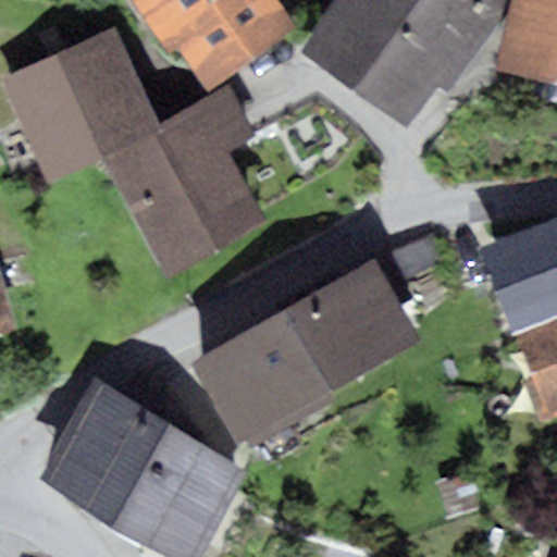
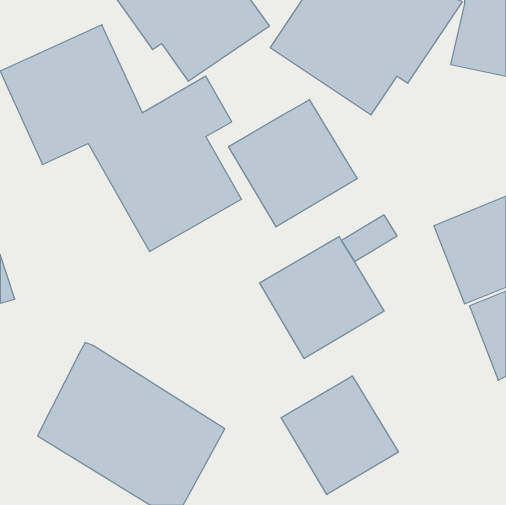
building: none -> [229,99,357,227]
building: [194,311,334,448] -> none
building: none -> [281,376,398,495]

